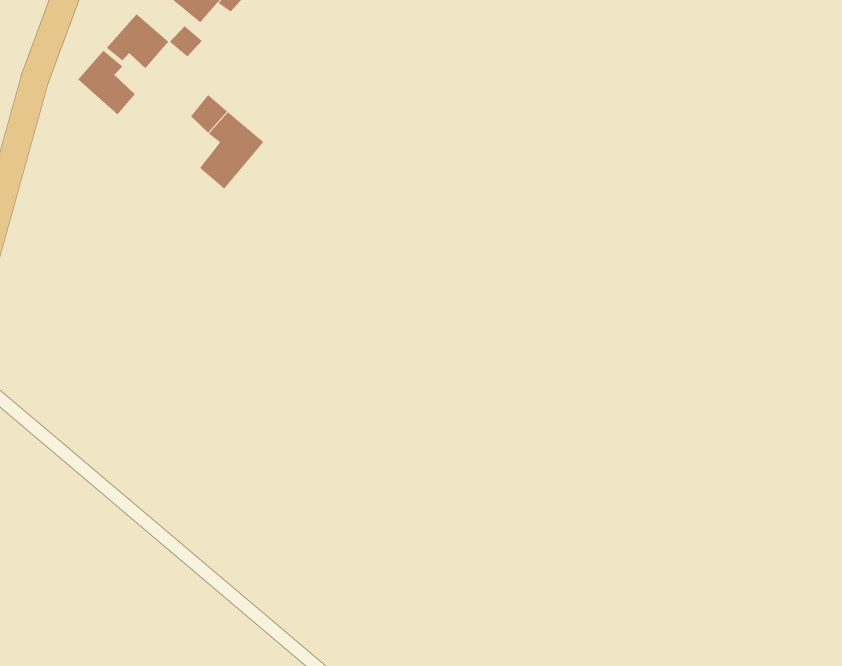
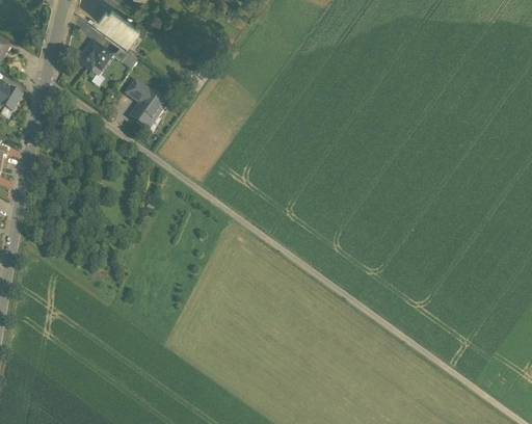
building: [77,50,136,115] -> none

